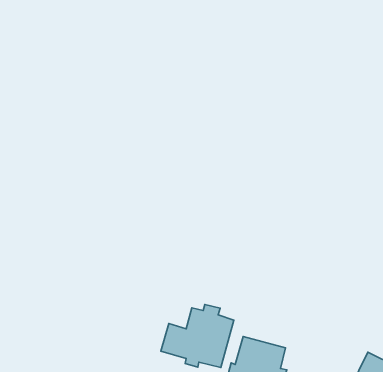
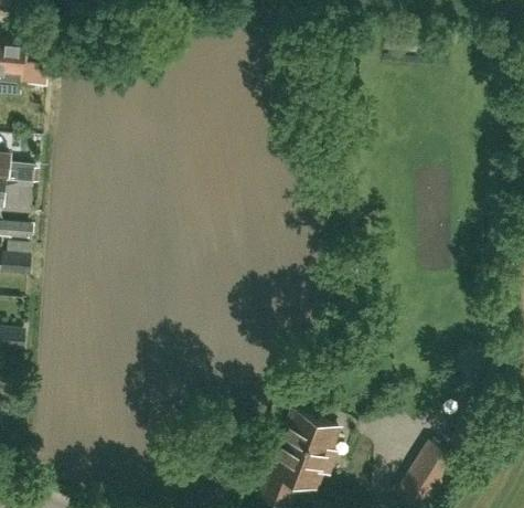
building: [161,305,234,368] -> none

